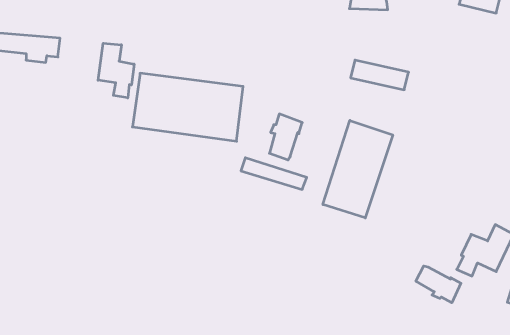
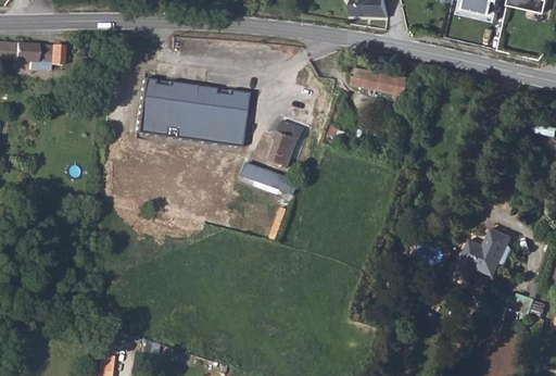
building: [98,43,134,98] -> none
building: [323,120,393,218] -> none
building: [416,266,461,303] -> none

